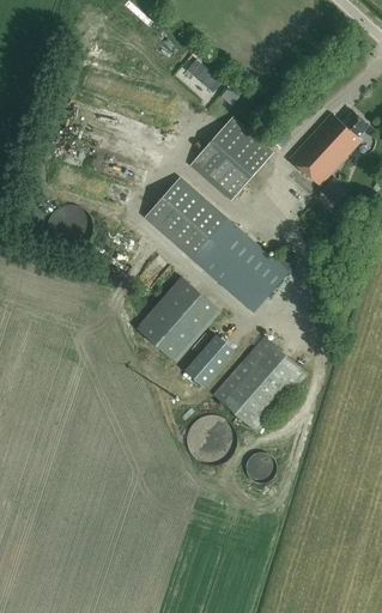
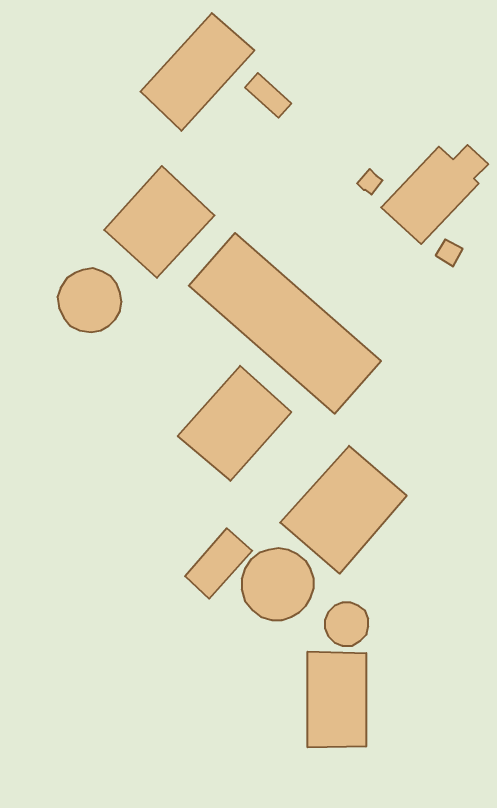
building: none -> [140,13,254,131]
building: [189,115,272,199] -> [104,166,215,278]
building: [183,334,234,387] -> [185,528,252,599]
building: none -> [308,652,366,747]

